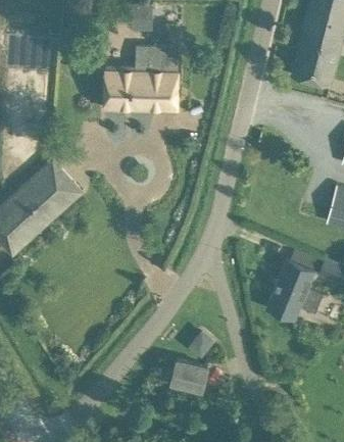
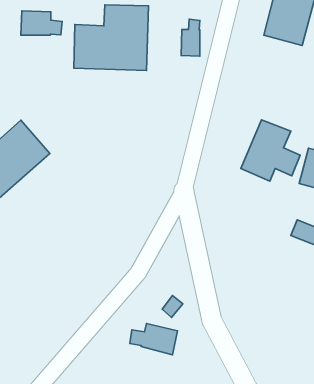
building: none -> [21,11,62,35]
building: none -> [181,19,200,56]
building: [266,259,325,320] -> [241,120,300,181]

